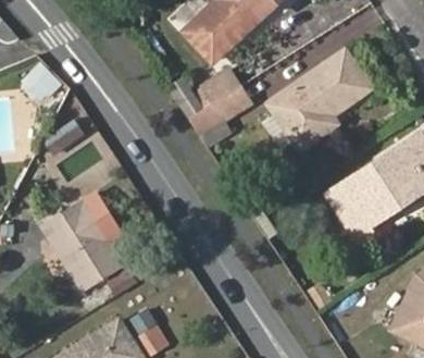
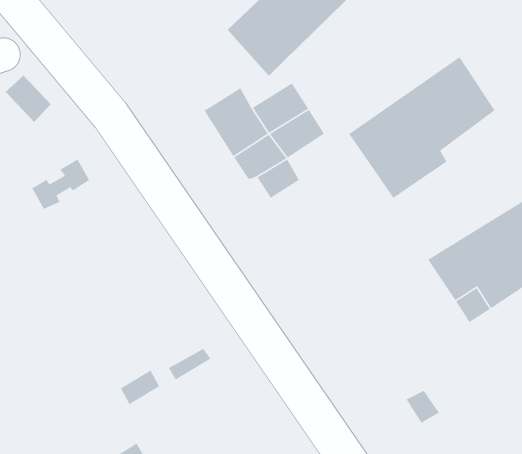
building: [41,194,124,289] -> none

